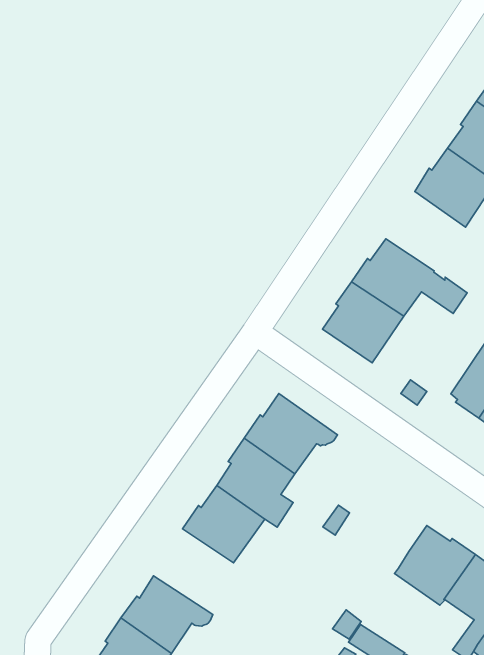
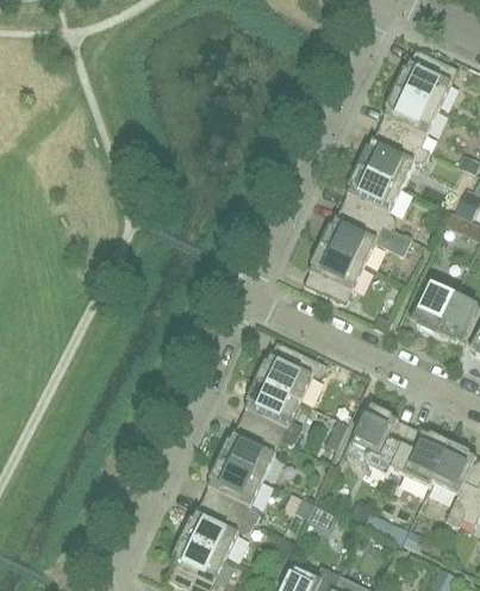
building: none -> [342,168,403,234]
building: none -> [354,406,410,478]
building: none -> [202,461,263,525]

